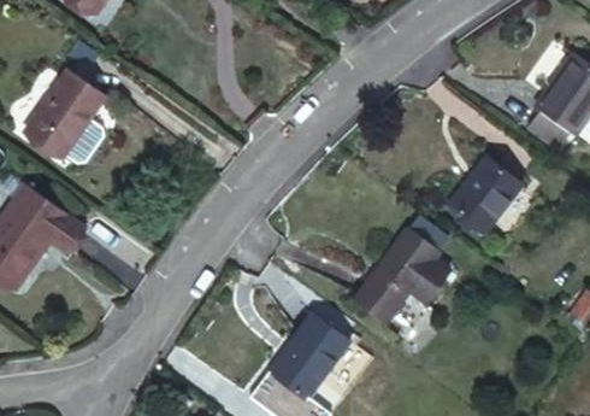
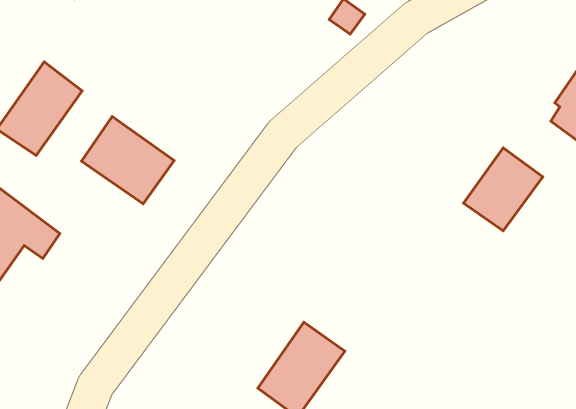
building: none -> [81,117,174,204]
building: [352,227,452,322] -> none

